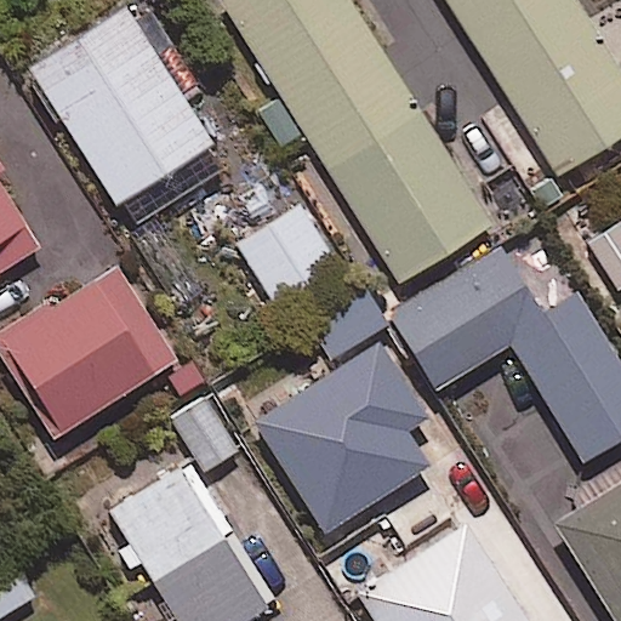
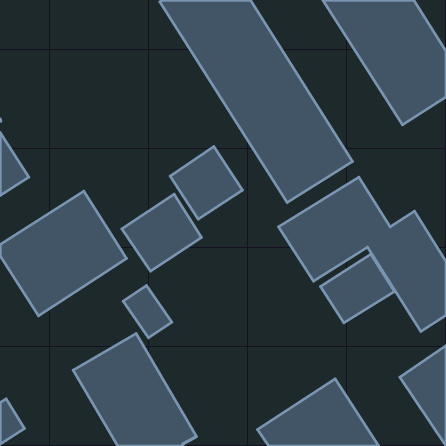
building: [28,5,213,206] -> none
building: none -> [122,194,201,271]
building: [253,286,428,532] -> none
building: none -> [321,254,394,323]

